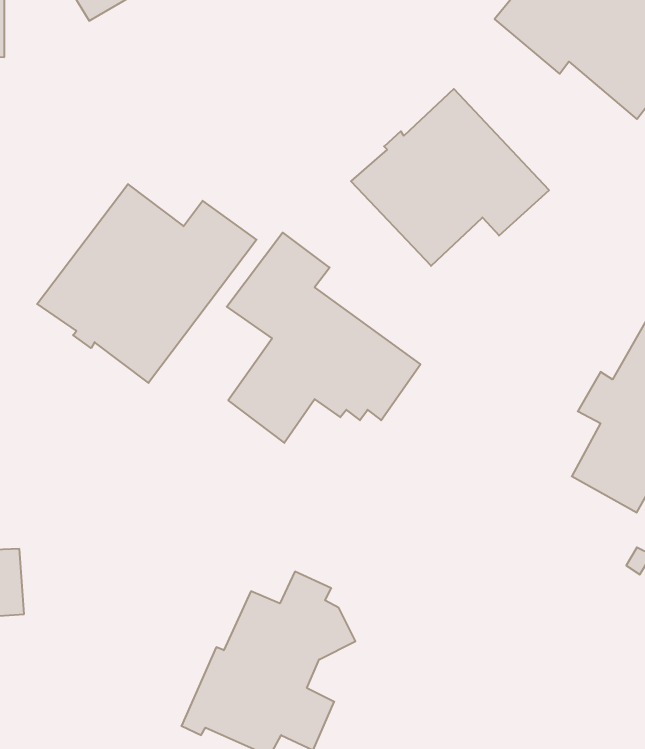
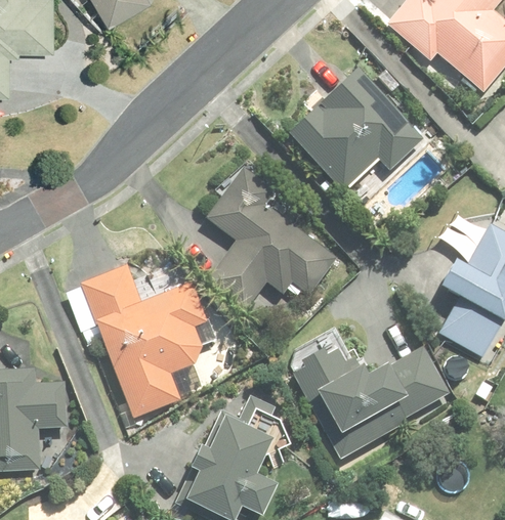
building: [37,184,257,383] -> none
building: none -> [69,263,215,415]
building: none -> [294,345,449,458]

